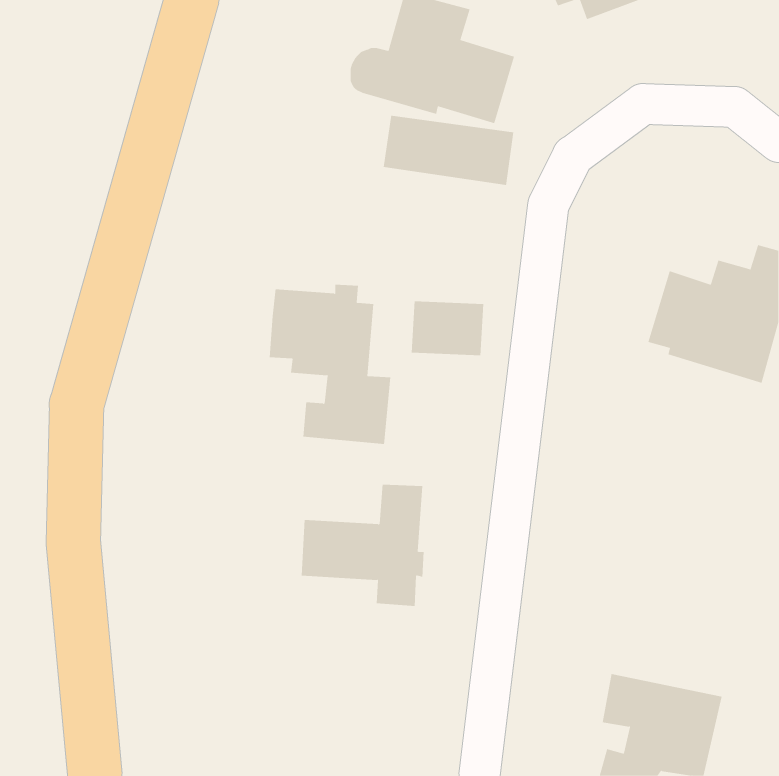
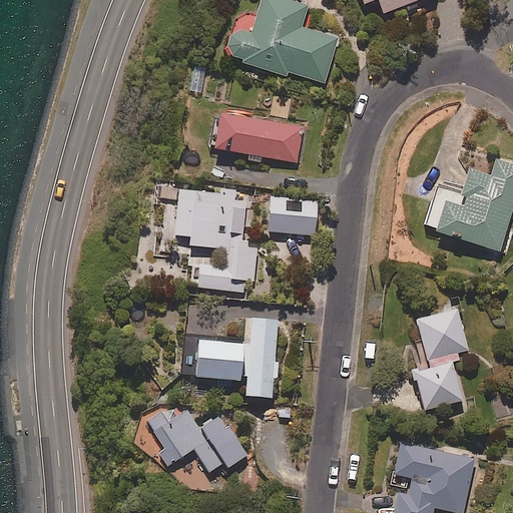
building: [383,115,514,185] -> [215,114,302,160]
building: none -> [414,307,469,410]
building: none -> [148,406,247,471]

